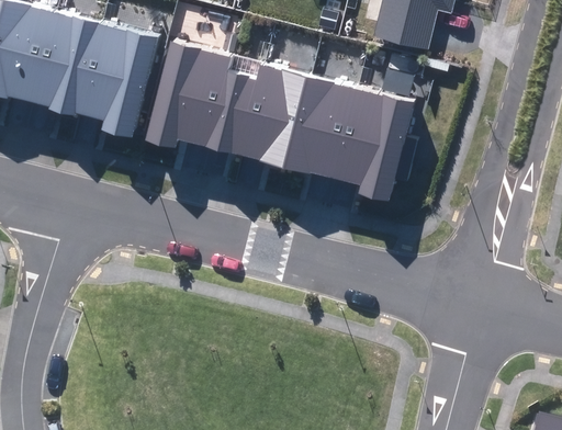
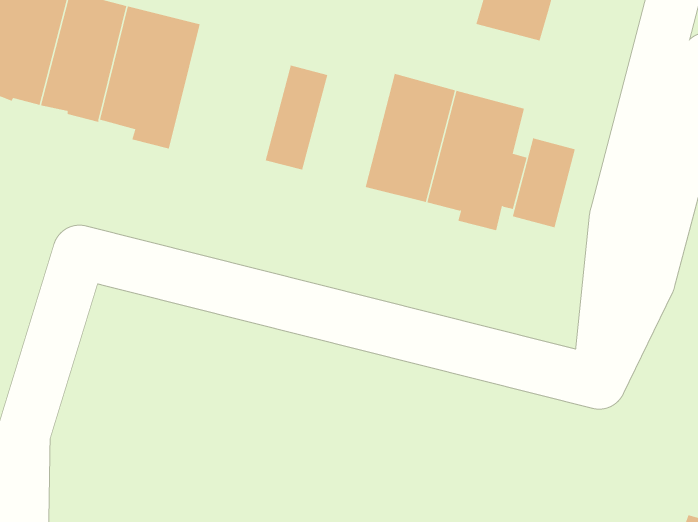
building: [147,39,232,145] -> none
building: [238,61,310,163] -> none
building: none -> [512,137,576,228]

